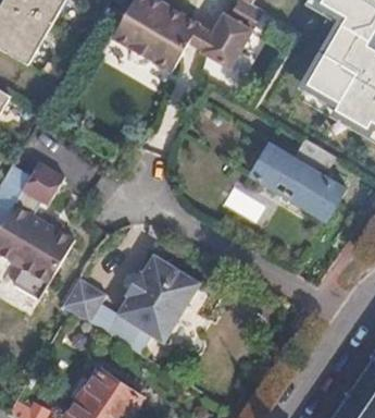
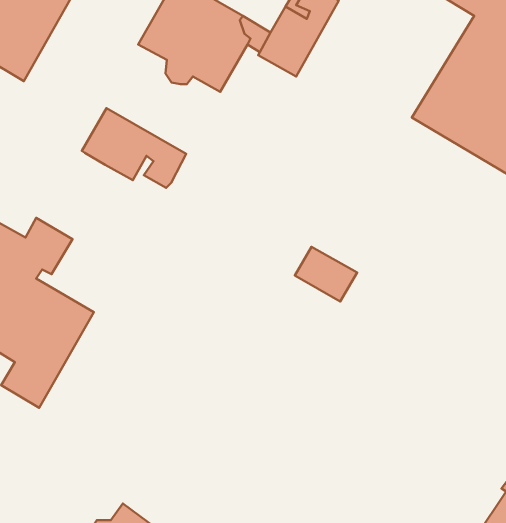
building: none -> [82,108,186,188]
building: [243,132,341,219] -> none
building: [60,259,200,354] -> none

